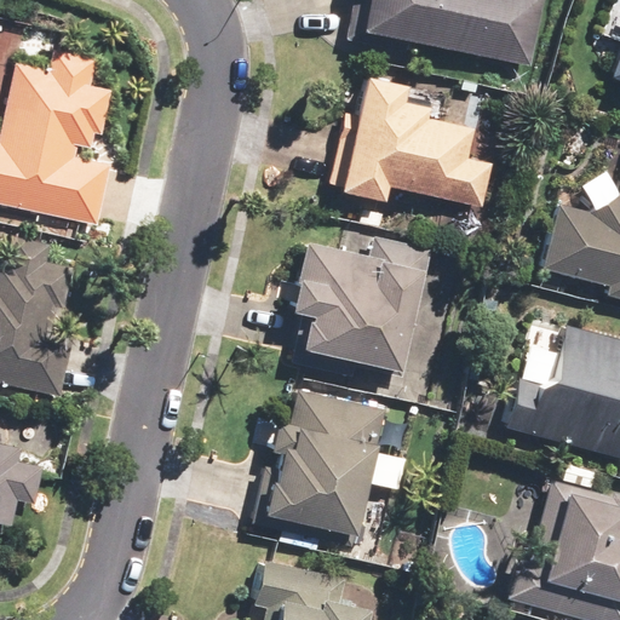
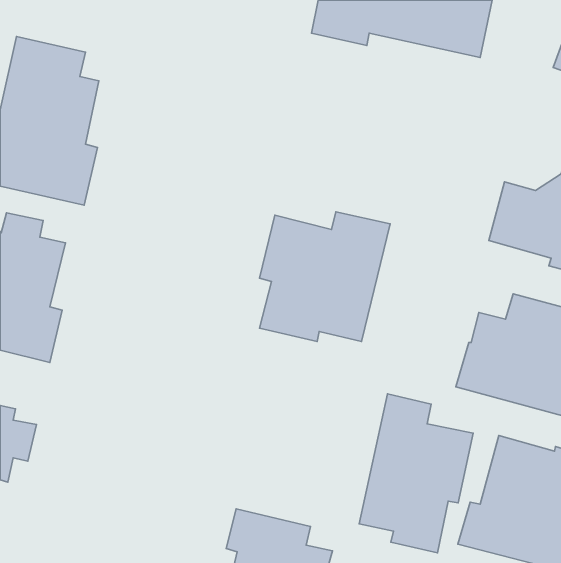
building: [329,74,492,207] -> none
building: [251,389,384,546] -> none
building: none -> [359,394,473,553]

